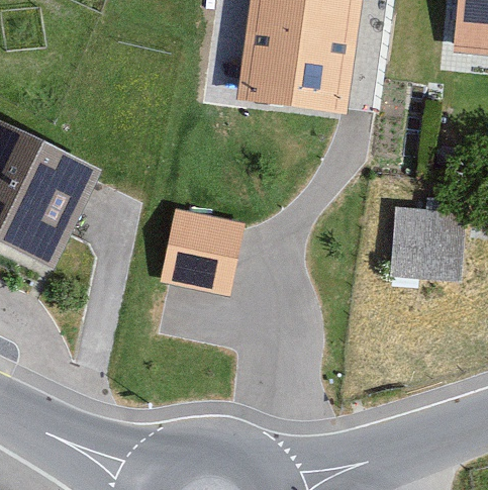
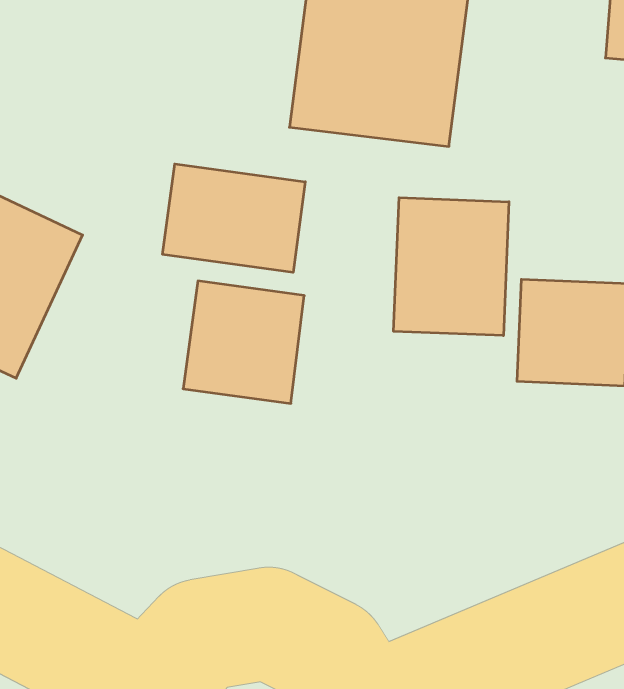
building: none -> [163,164,305,272]
building: none -> [394,198,509,336]

